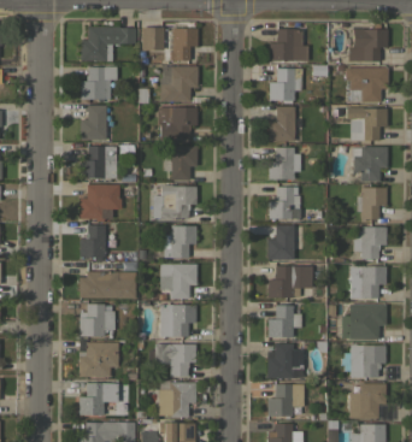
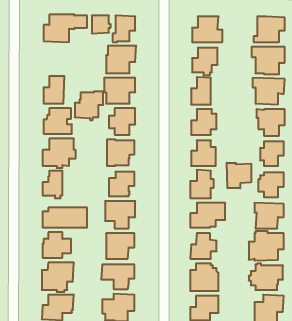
building: [81,66,117,102] -> [75,92,103,120]
building: none -> [227,163,251,188]

